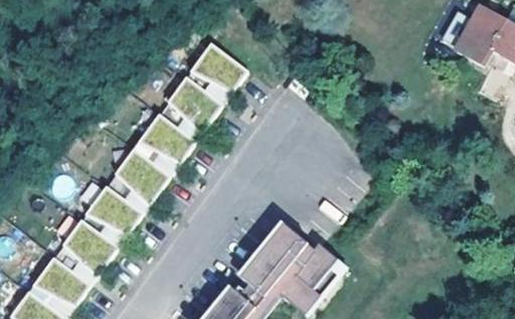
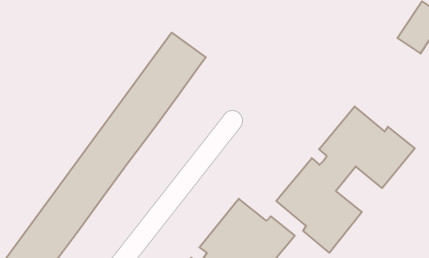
building: none -> [276,106,415,253]

